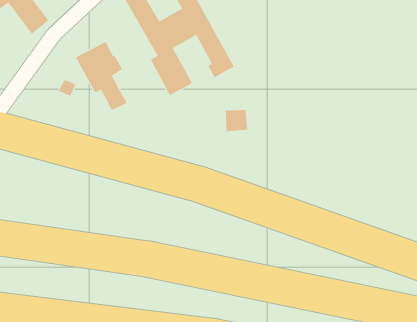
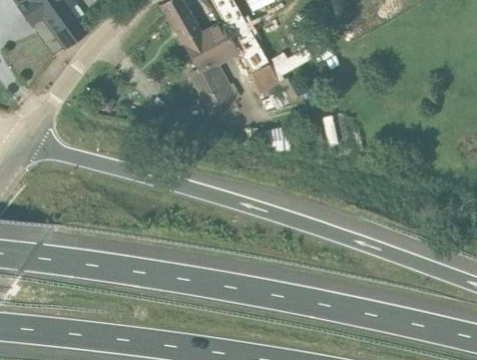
building: [75,41,127,111] -> none

